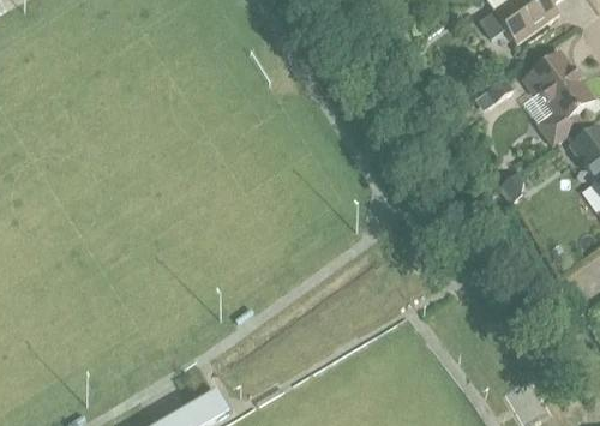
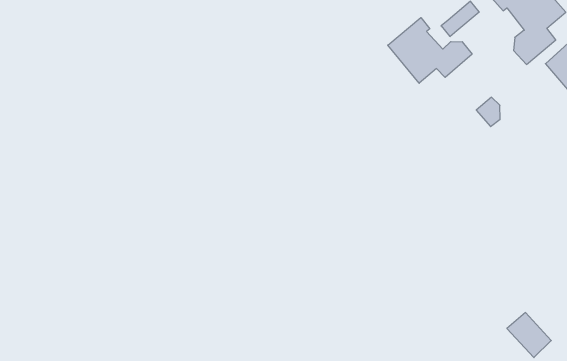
building: none -> [388,18,472,83]

